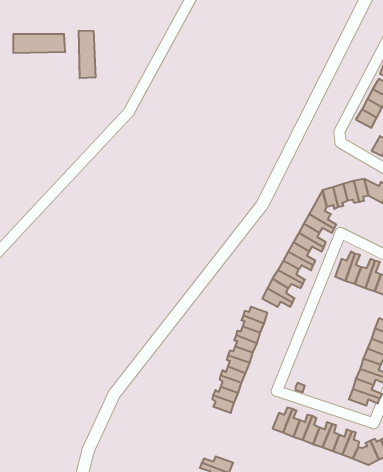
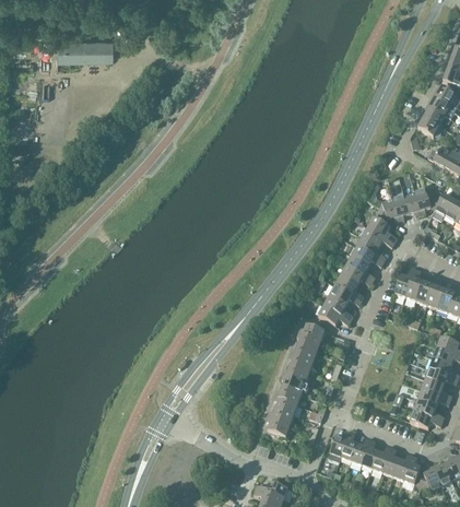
building: [79,31,95,78] -> none

